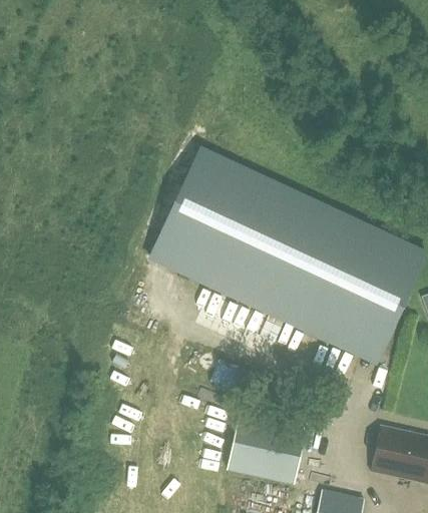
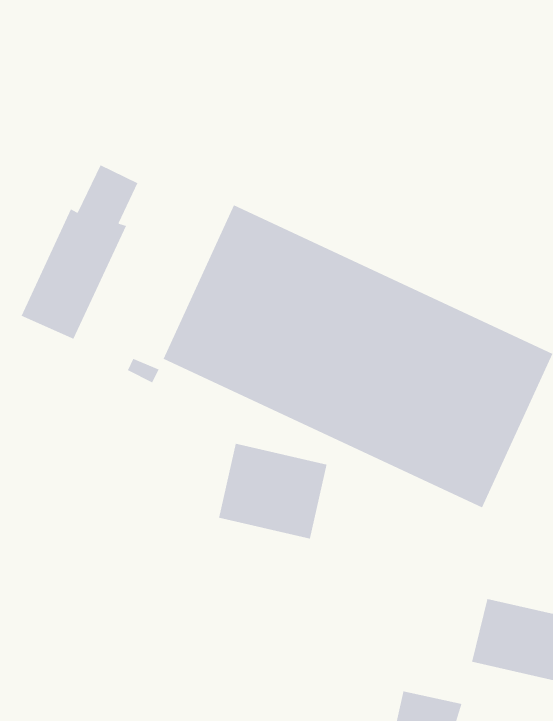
building: none -> [20,164,138,340]
building: [227,416,304,484] -> [218,443,328,540]

